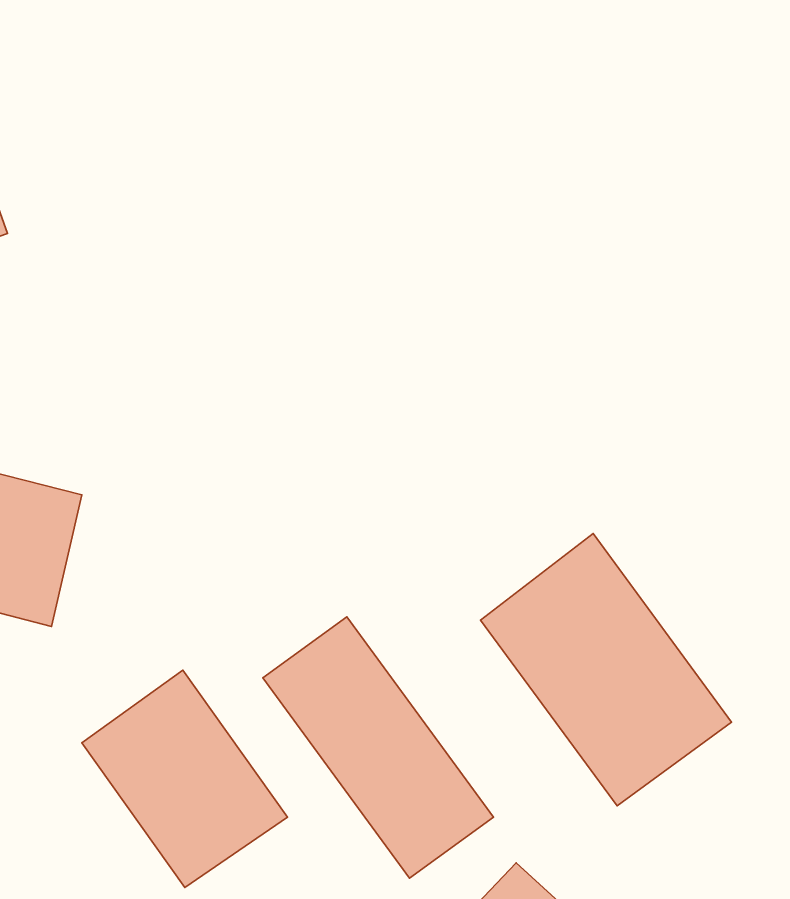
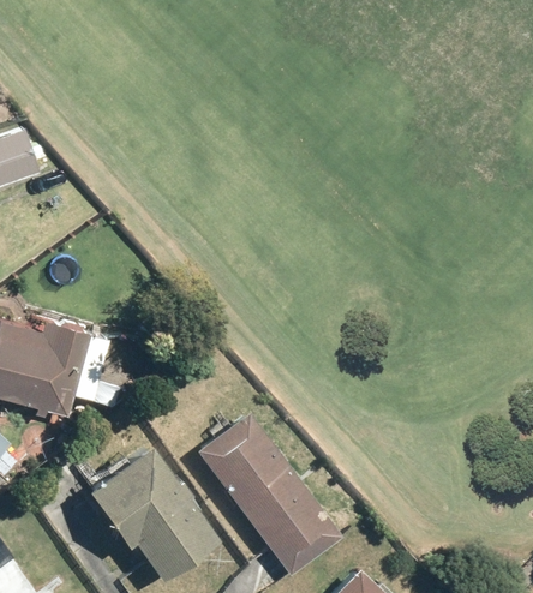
building: [481,533,731,806] -> none

